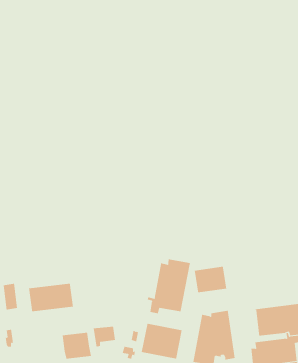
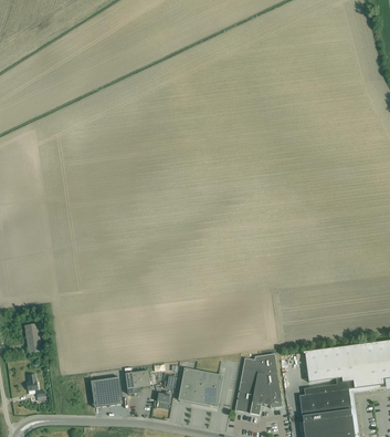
building: [147,259,191,314] -> none
building: [194,266,227,293] -> none
building: [29,283,73,312] -> none

